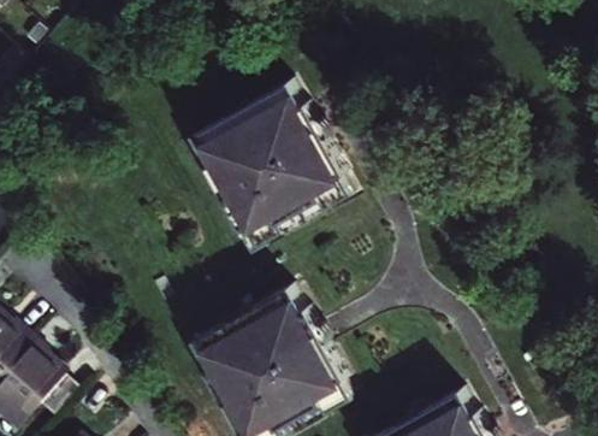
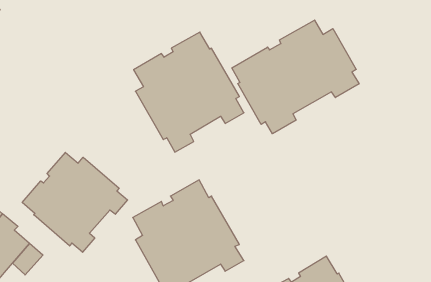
building: none -> [232,20,359,134]
building: none -> [22,152,128,252]

